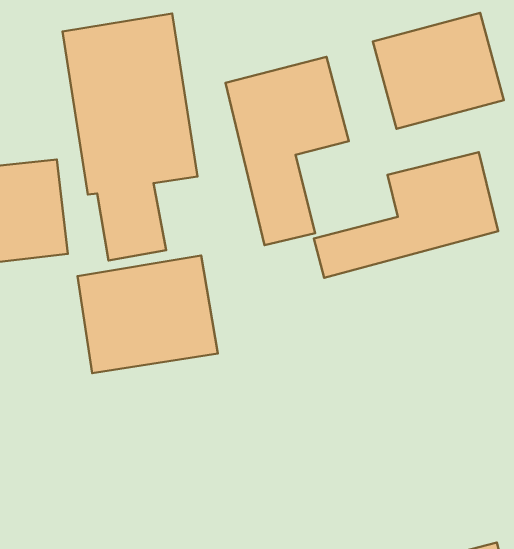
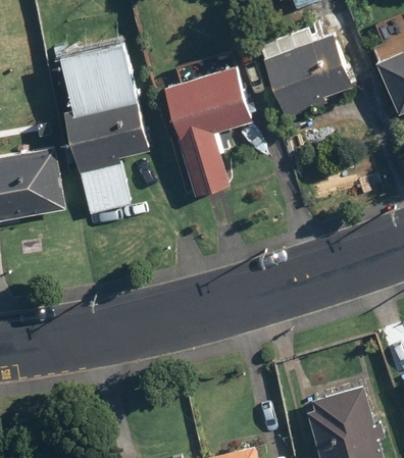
building: [314,152,498,278] -> none
building: [77,255,218,373] -> none

